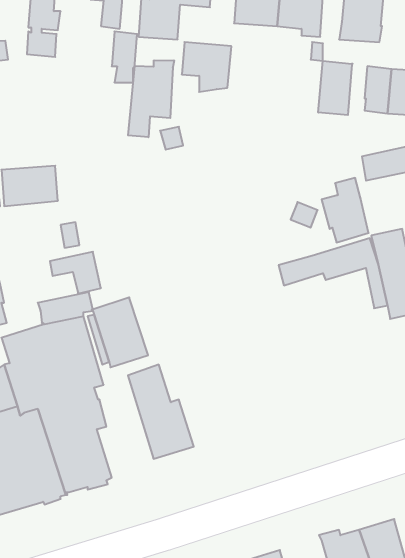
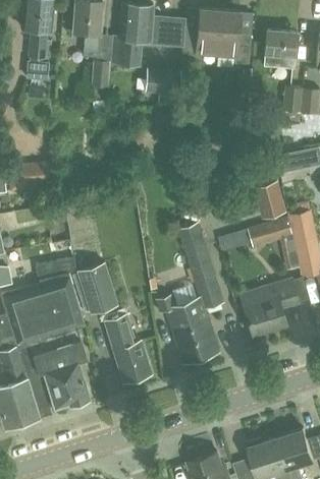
building: [128,60,174,137] -> none
building: [318,61,353,115] -> none
building: none -> [156,221,224,363]
building: none -> [241,280,298,335]

